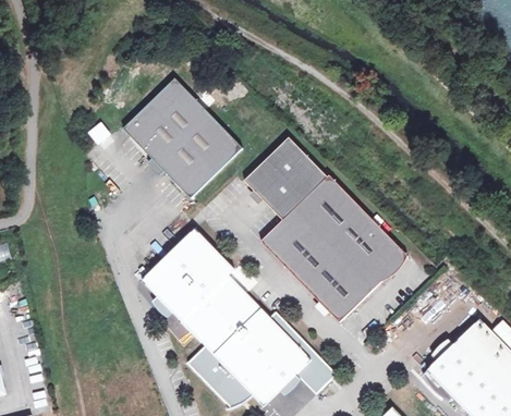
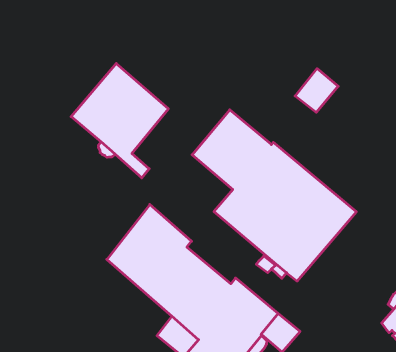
building: none -> [295,69,338,112]
building: [182,131,242,191] -> none

